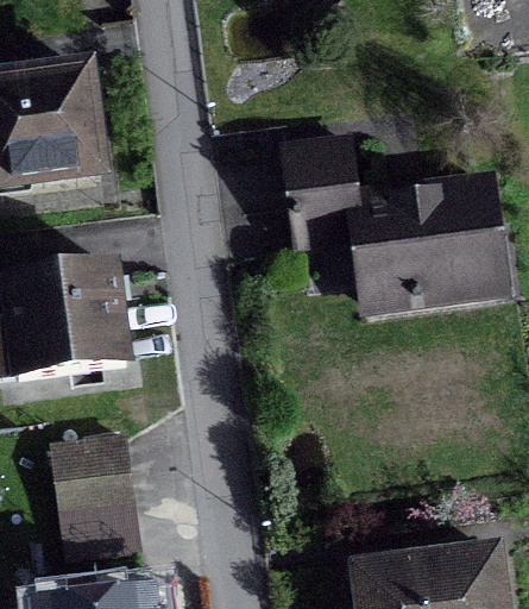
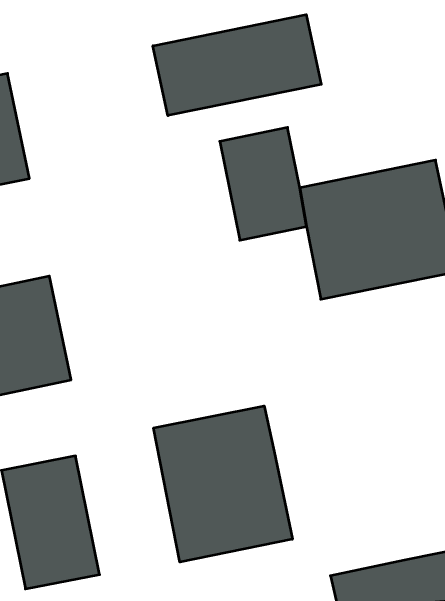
building: none -> [153,15,321,116]
building: none -> [154,406,292,562]

